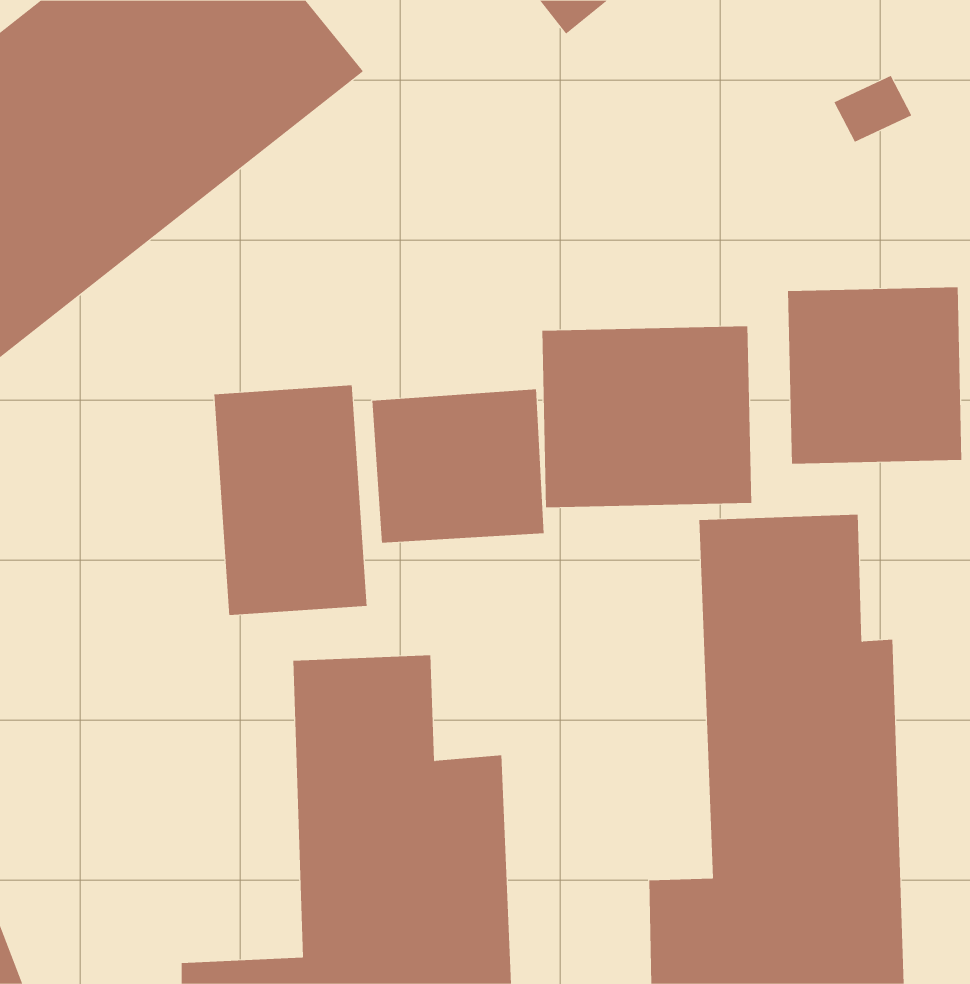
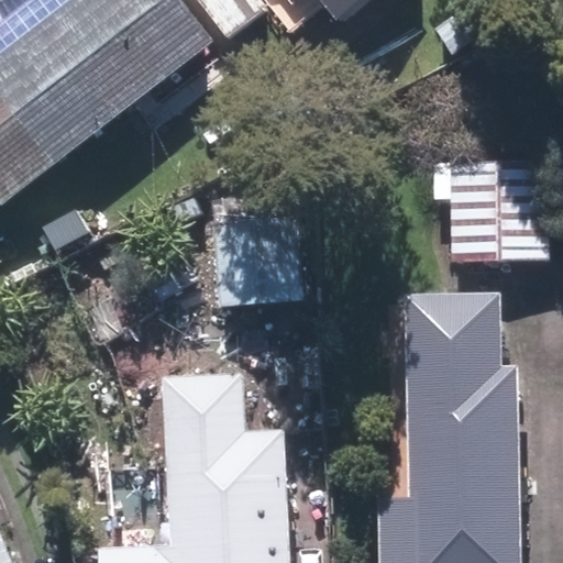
building: [542,326,752,508] -> none
building: [214,384,367,616] -> none

